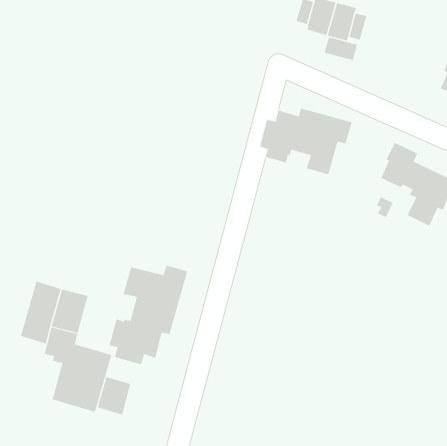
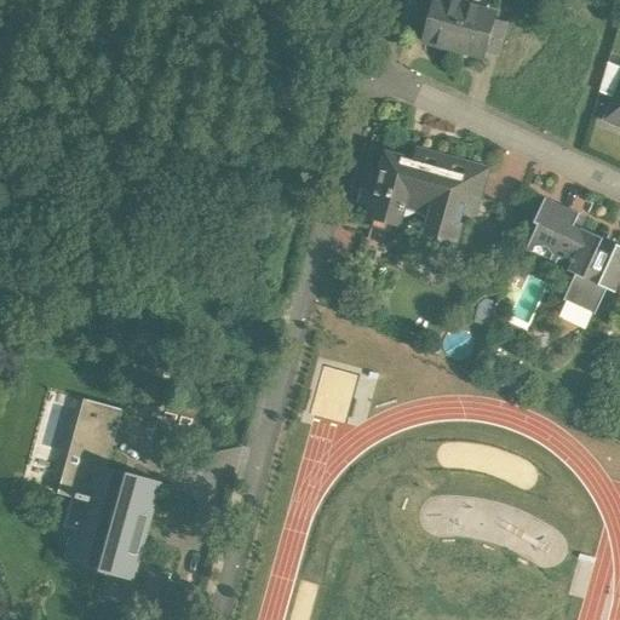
building: [324,37,358,61] -> none
building: [109,265,188,365] -> none
building: [98,376,131,415] -> none

